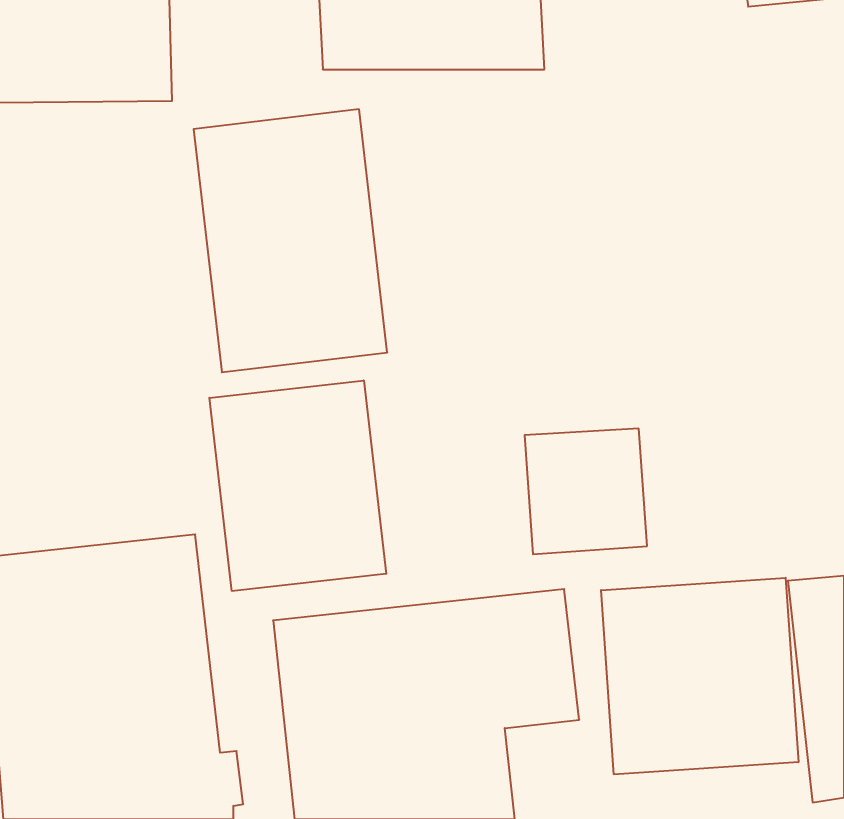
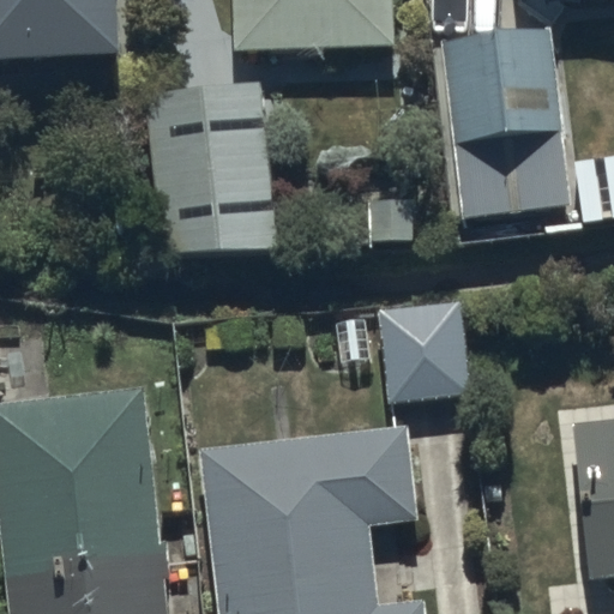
building: none -> [441,29,573,225]
building: [209,380,386,591] -> none
building: [601,578,798,774] -> none

